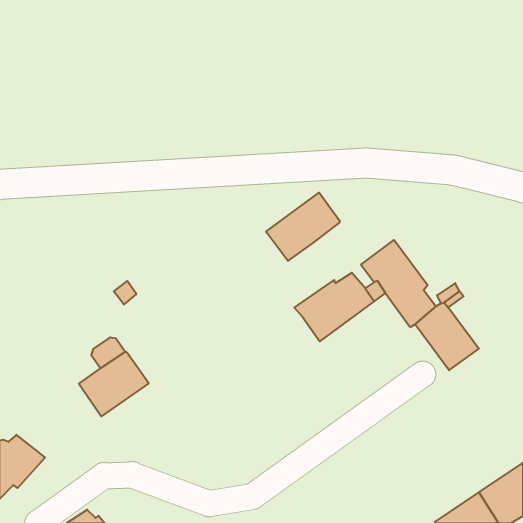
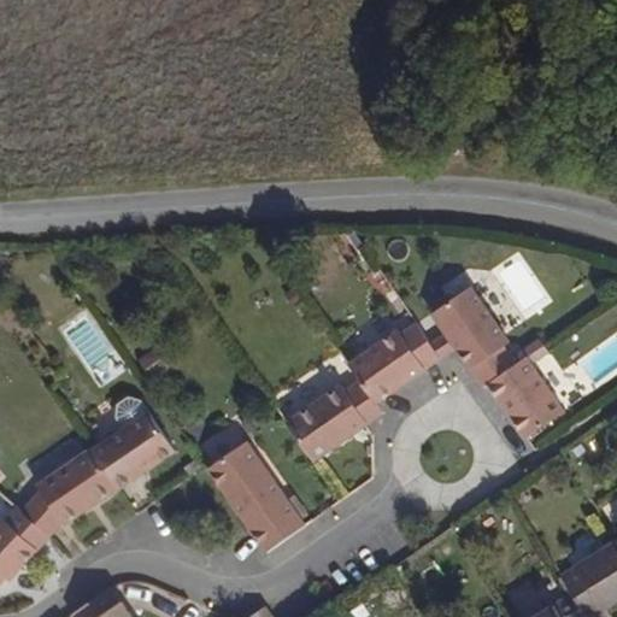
building: [266,193,340,261] -> none
building: none -> [283,372,382,459]
building: none -> [206,440,306,553]
building: none -> [19,447,118,533]

